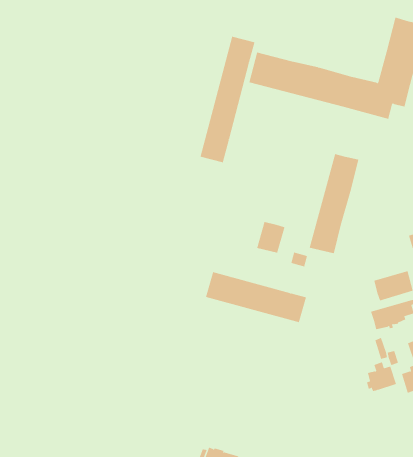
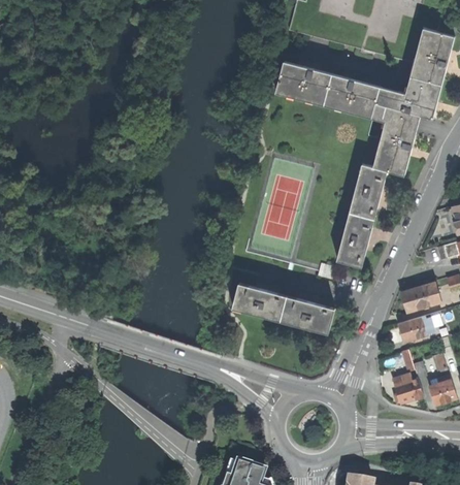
building: [200,36,255,163] -> none
building: none -> [366,118,416,174]
building: [257,221,285,254] -> none

